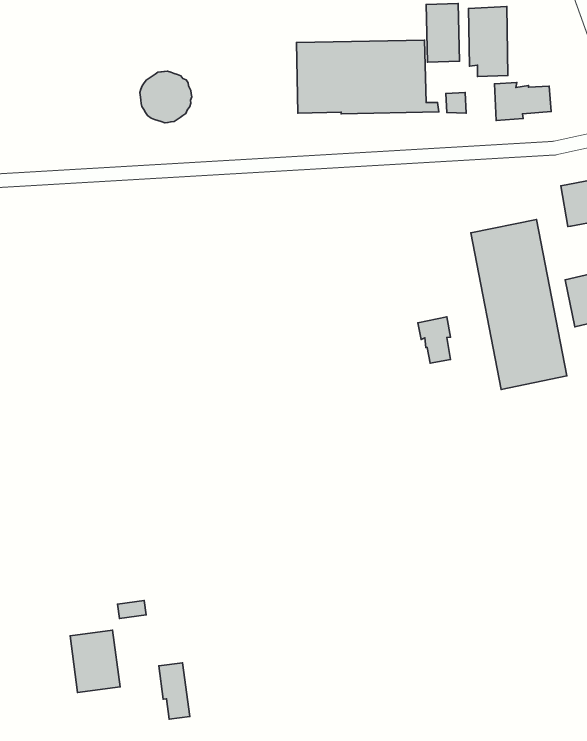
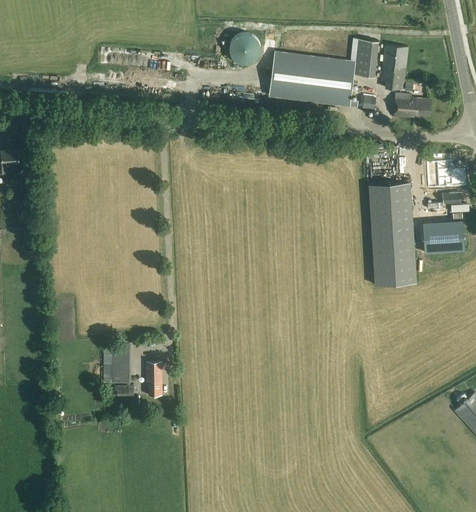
building: [140,71,192,123] -> [229,33,261,65]
building: [418,317,451,363] -> none
building: [70,630,120,692] -> [104,346,131,382]
building: [159,663,190,719] -> [146,362,161,396]

